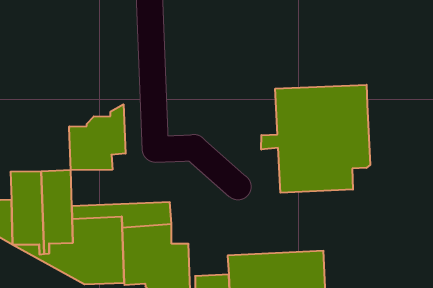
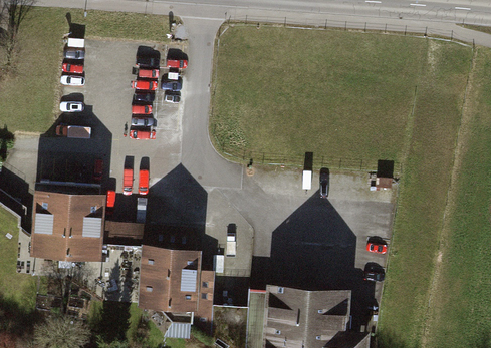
building: [261,85,370,193] -> none
building: [69,104,126,170] -> none

